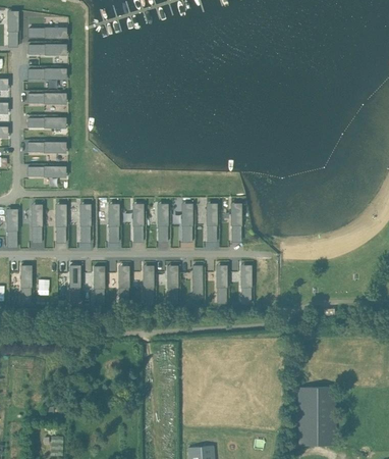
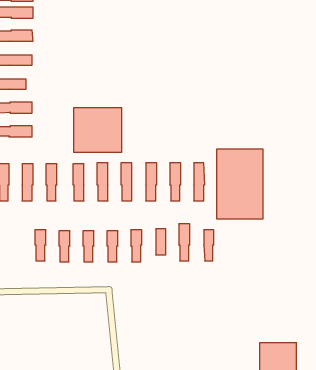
building: none -> [74,108,122,152]
building: none -> [217,149,263,219]

